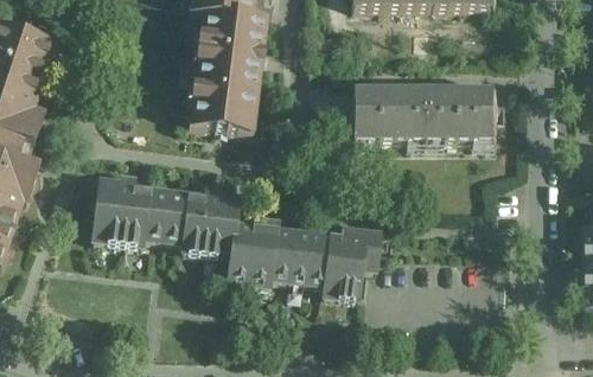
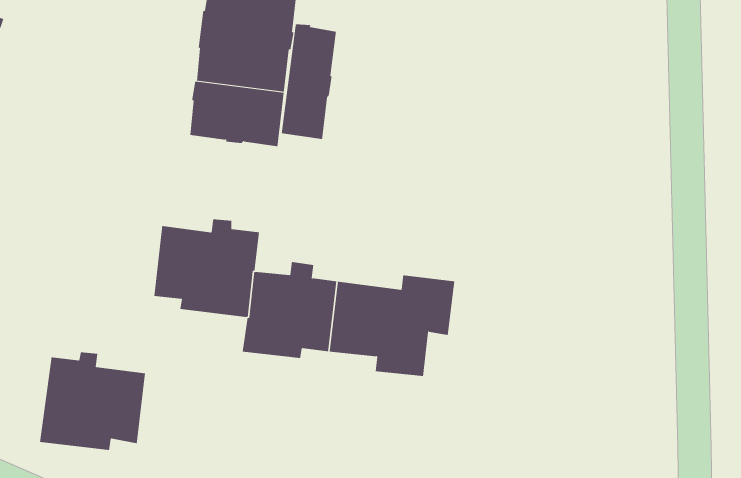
building: none -> [281,23,337,140]
building: [351,89,496,141] -> none
building: [90,174,167,245] -> [39,352,146,450]

